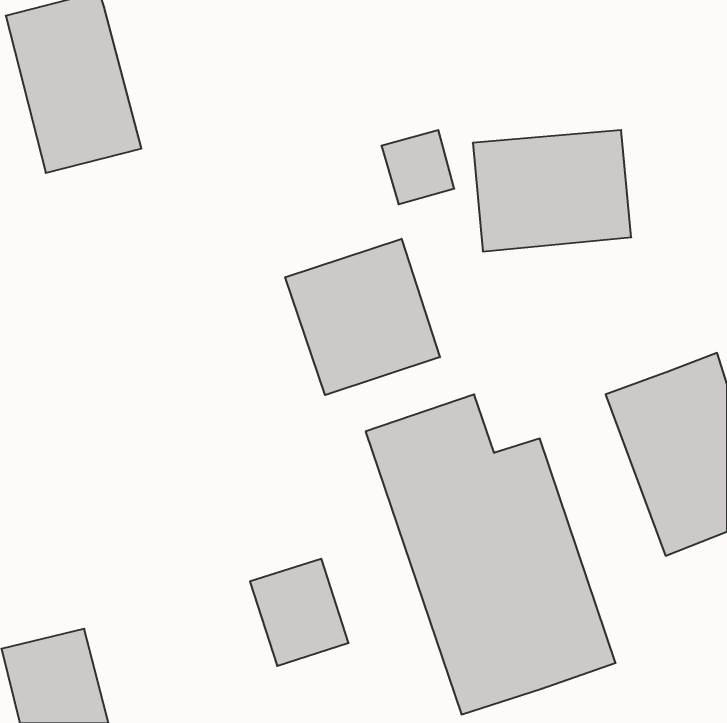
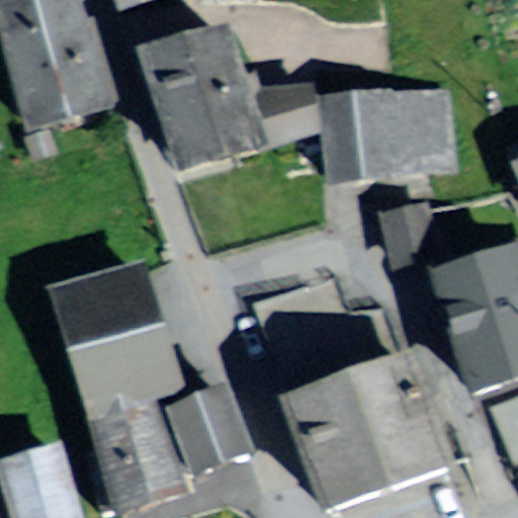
building: none -> [155,39,257,169]
building: [285,239,440,395] -> none
building: none -> [55,274,173,505]

